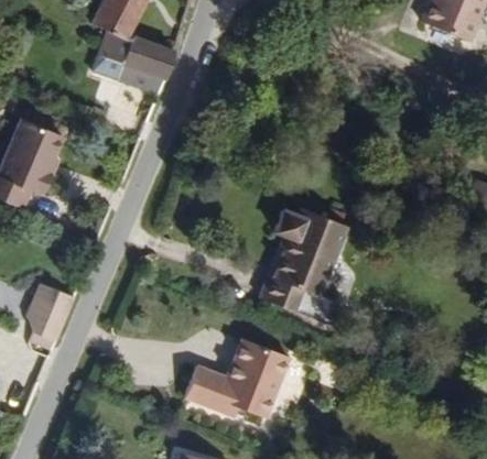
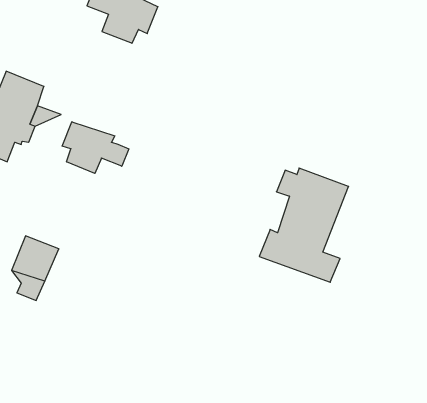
building: none -> [62,122,129,173]
building: [190,341,299,423] -> none

